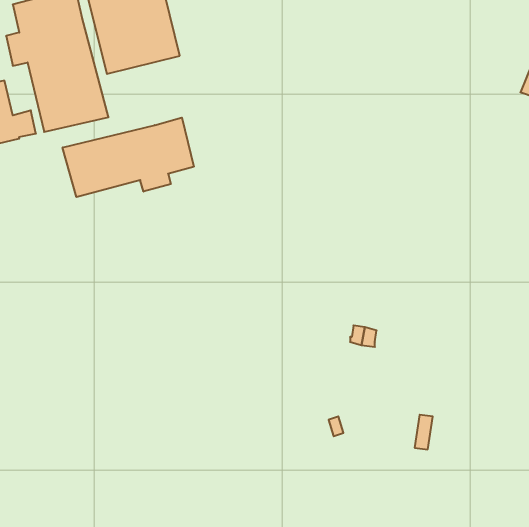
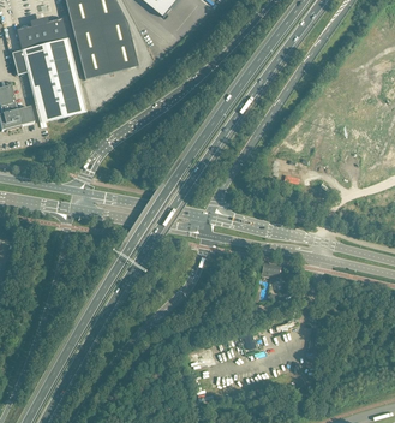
building: [63,118,194,197] -> none

